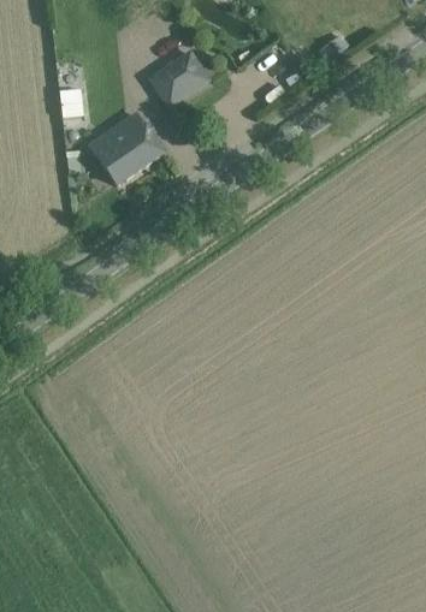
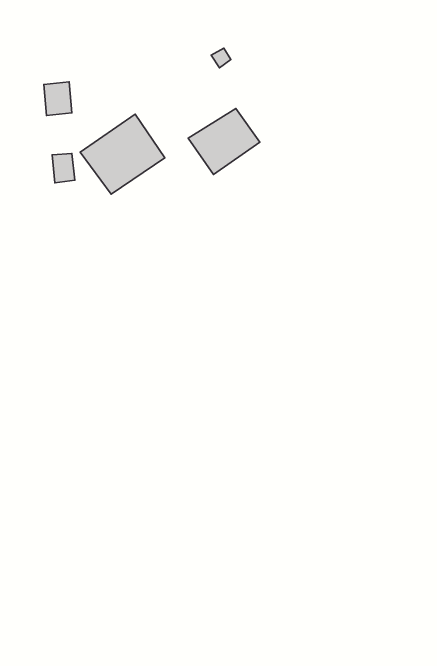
building: [148,49,209,106] -> [188,109,260,175]

